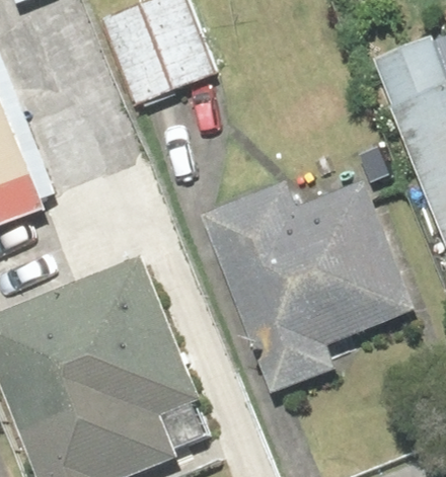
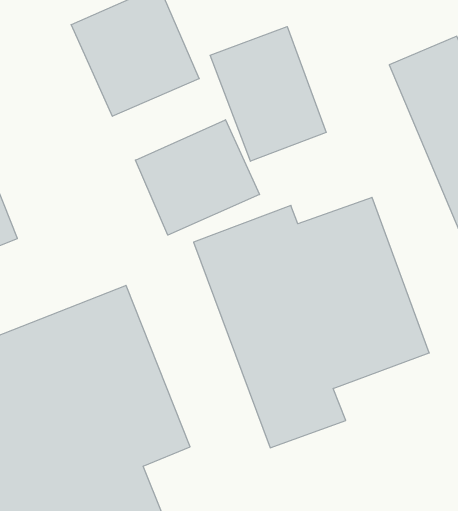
building: none -> [210,27,326,161]
building: none -> [135,120,259,235]

